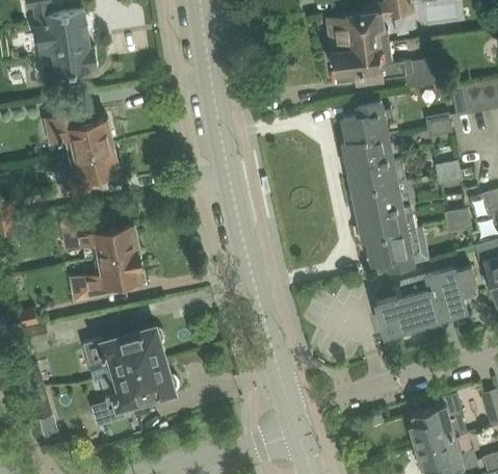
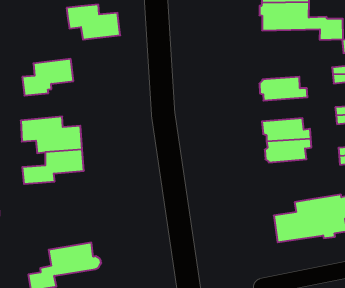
building: [340,103,392,142] -> none
building: [46,112,113,156] -> [67,5,120,40]
building: [346,158,402,193] -> none
building: [365,230,420,269] -> none
building: [83,331,163,380] -> none

